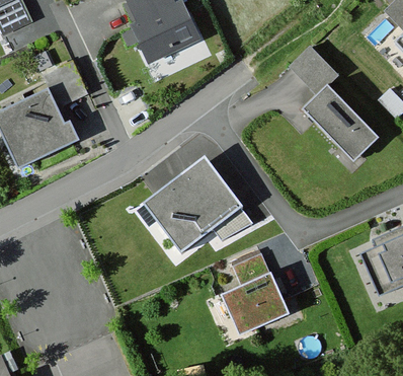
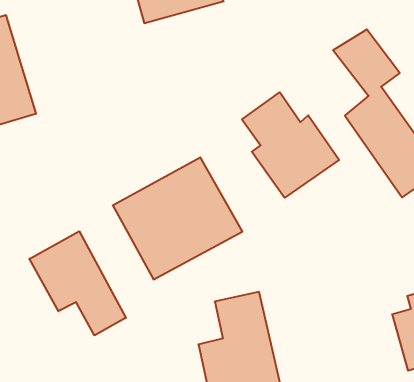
building: none -> [242,92,339,198]
building: none -> [29,231,126,335]

